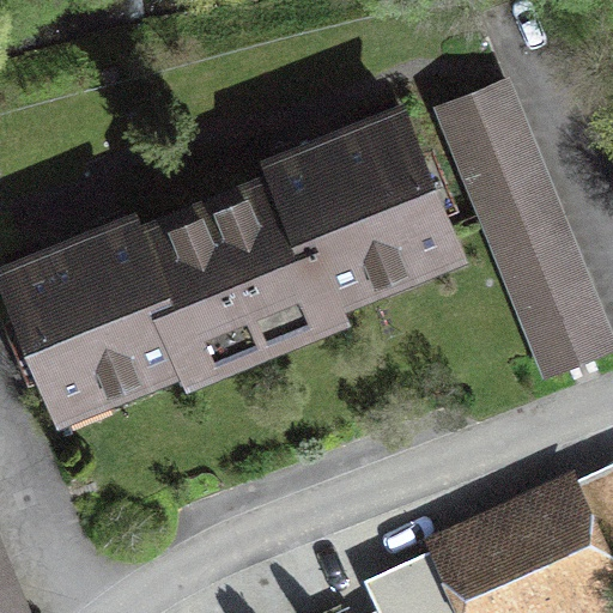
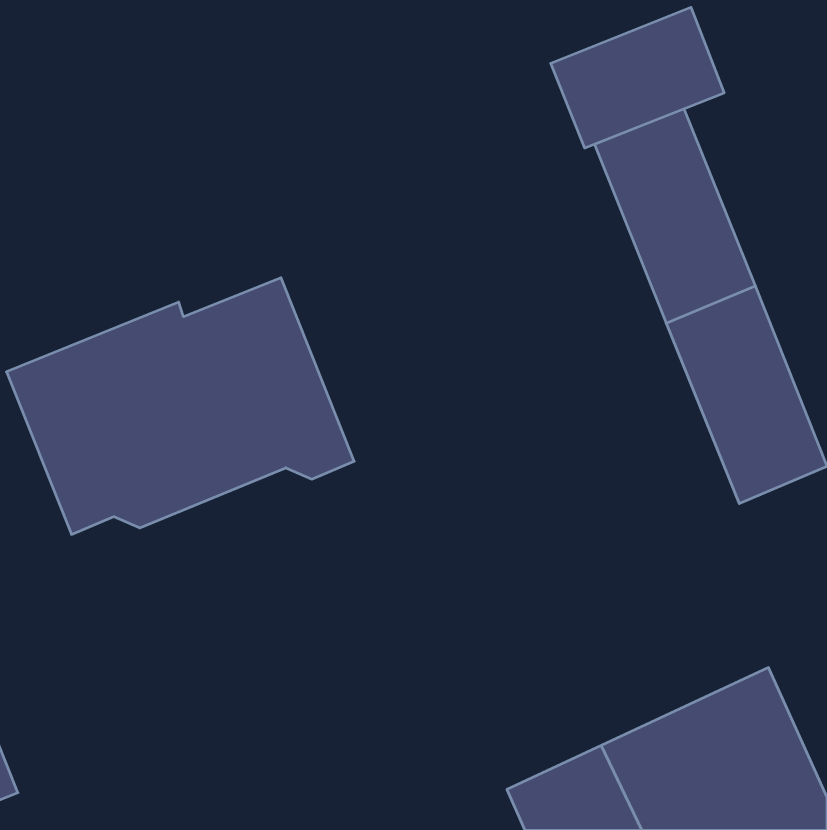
building: none -> [551,7,724,148]
building: [207,115,448,340] -> none

